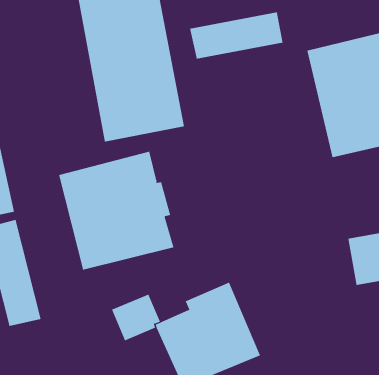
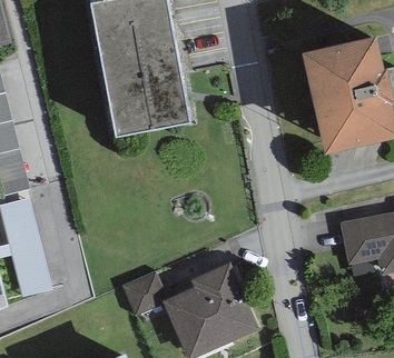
building: [190,12,283,59] -> none
building: [59,151,174,270] -> none

